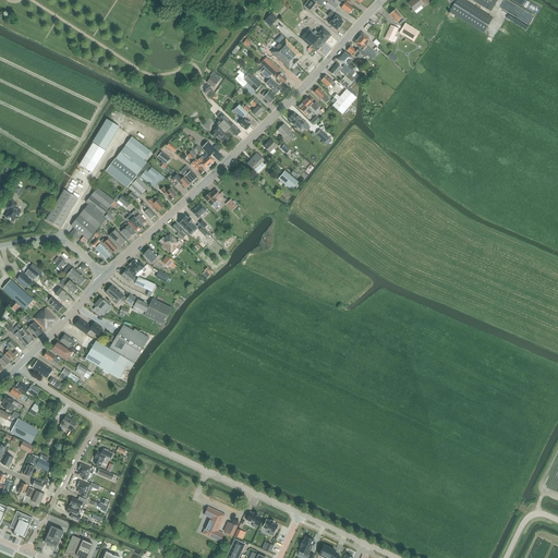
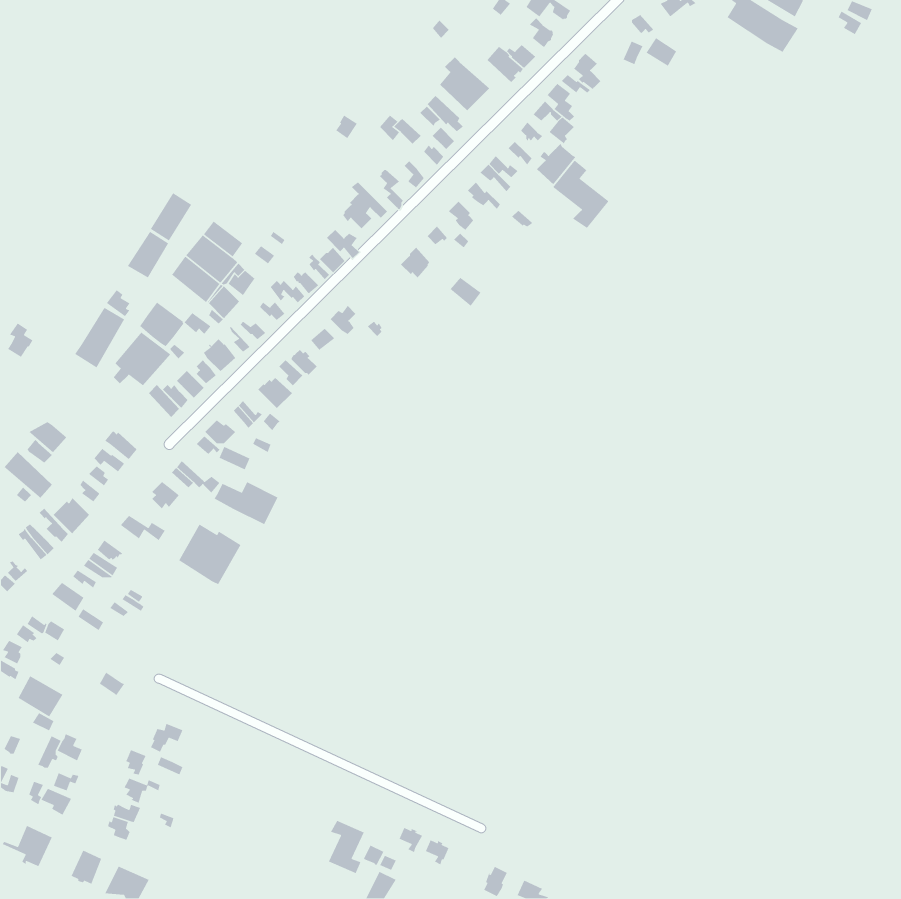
building: none -> [552,159,610,229]
building: [85,340,129,378] -> none

